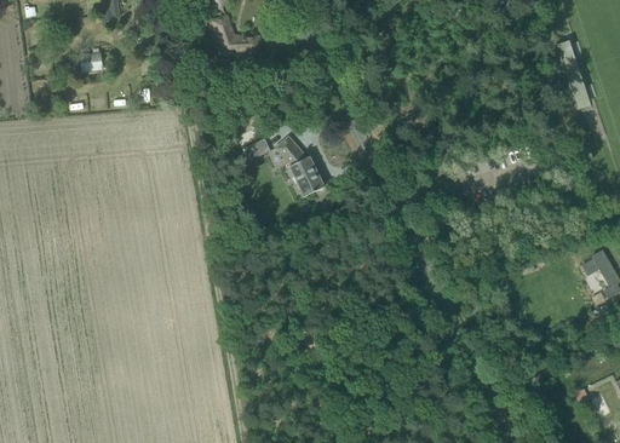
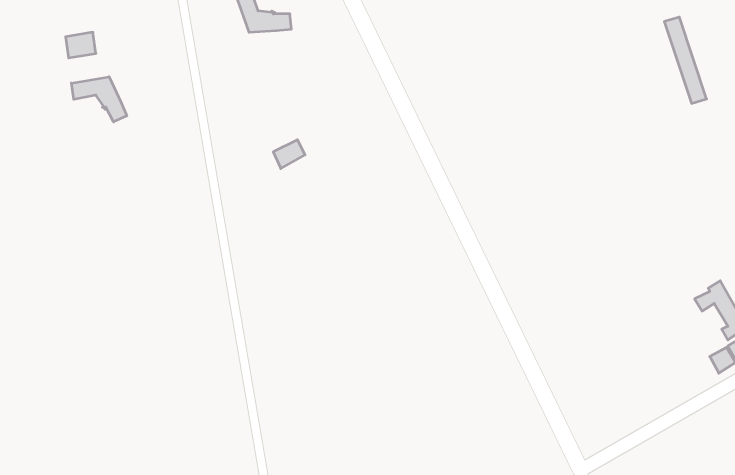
building: none -> [71,77,127,122]
building: [275,136,323,195] -> none

